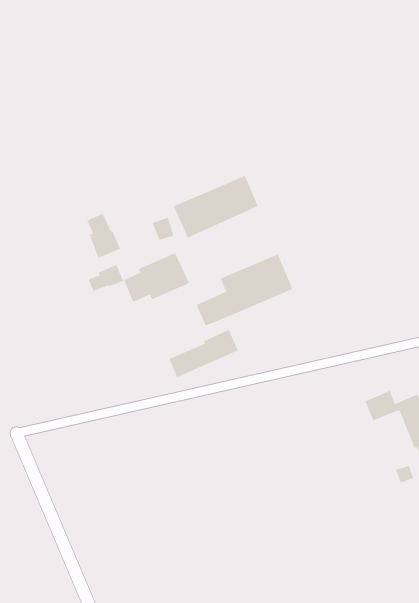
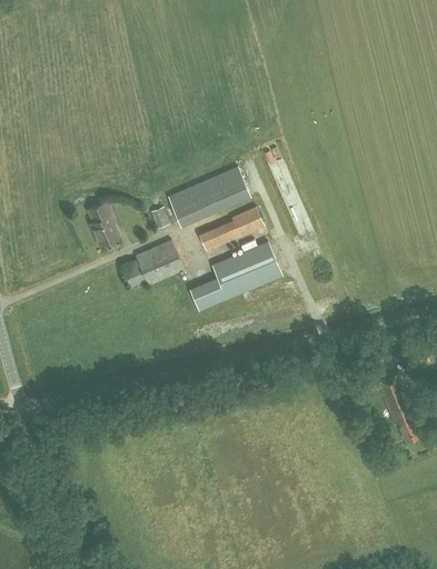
building: [88,264,124,292] -> none
building: [169,329,239,378] -> [198,206,264,251]

